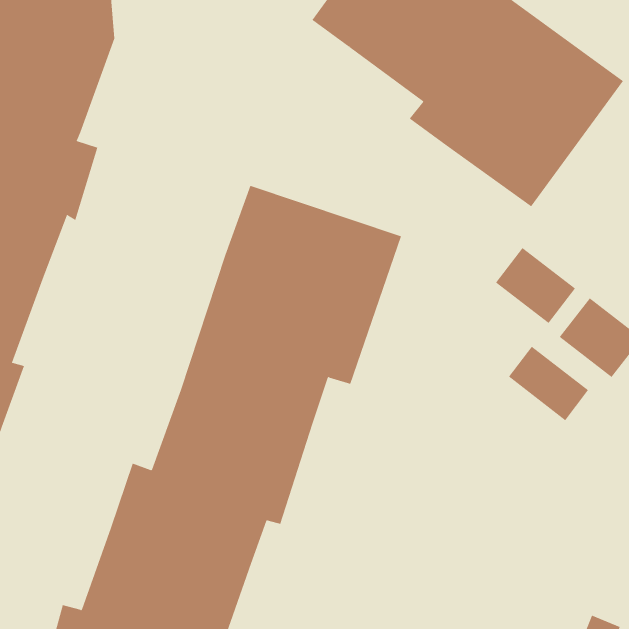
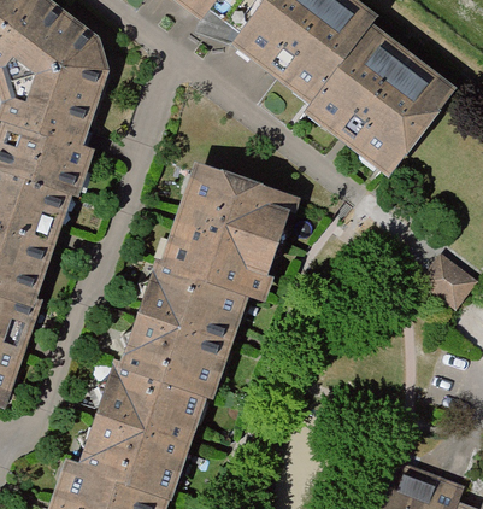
building: [495,247,576,324] -> none
building: [508,346,589,421] -> none

